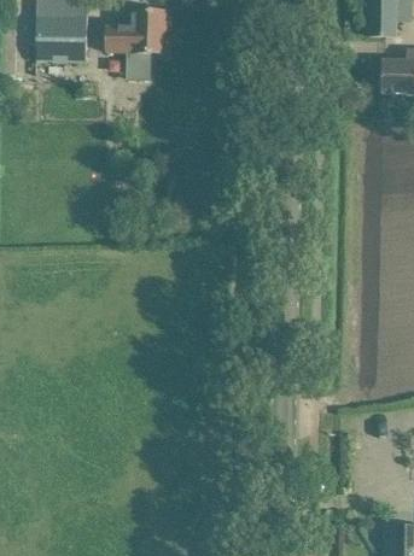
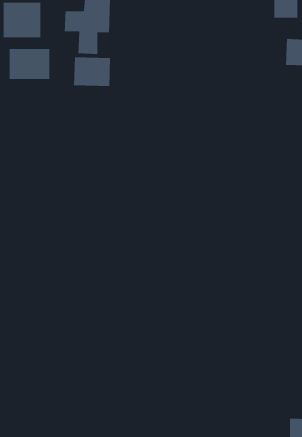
building: none -> [9,48,50,80]
building: none -> [73,57,111,87]

